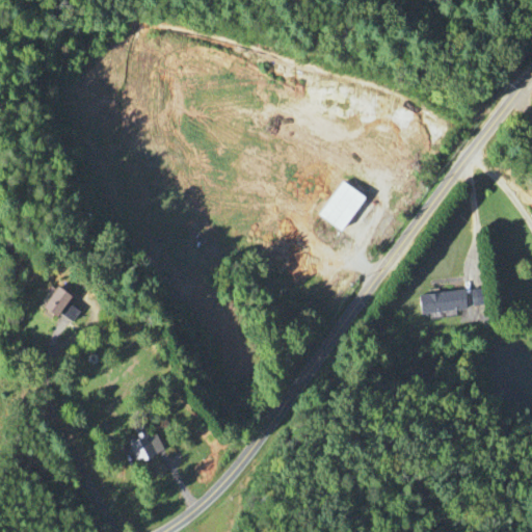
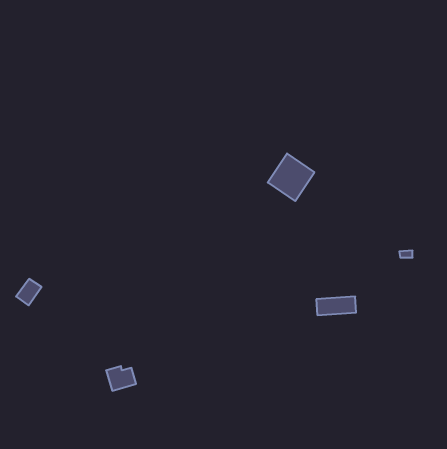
building: [42,287,72,318] -> [16,279,42,305]
building: [421,290,468,312] -> [316,297,356,315]

